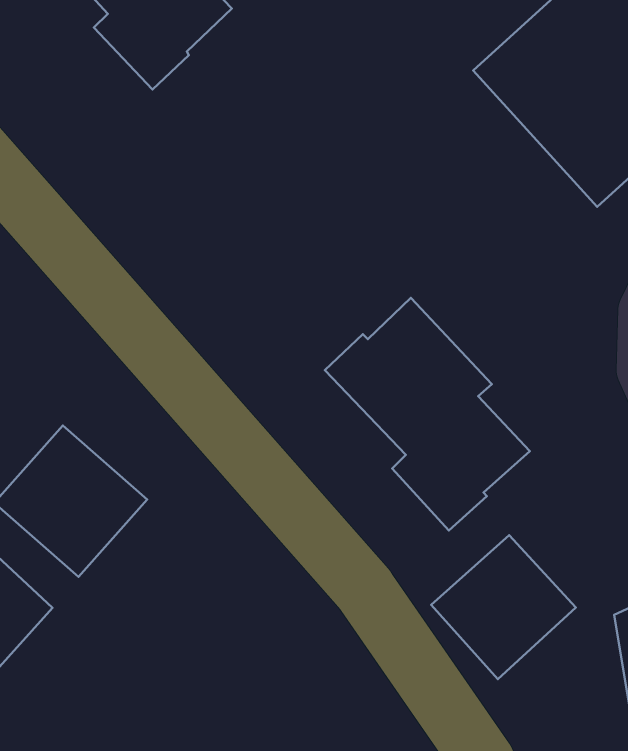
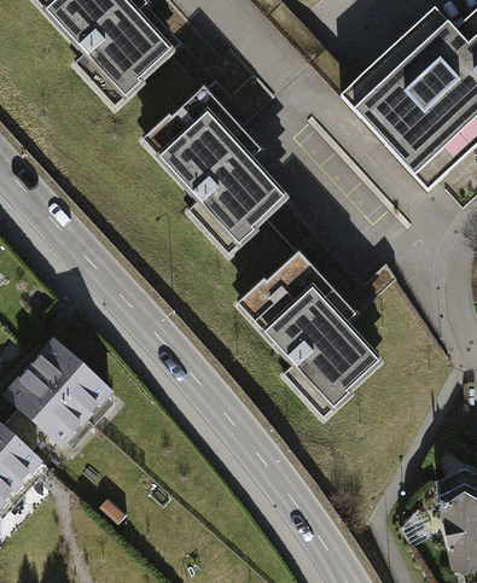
building: none -> [141,87,284,250]
building: [431,535,576,679] -> none

